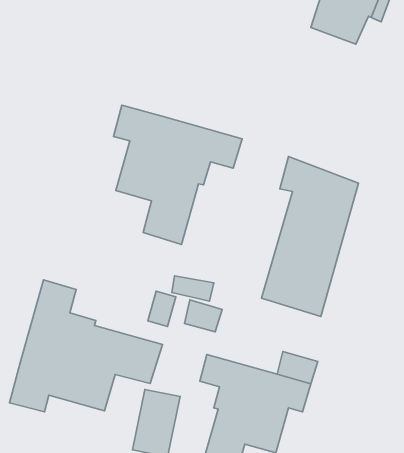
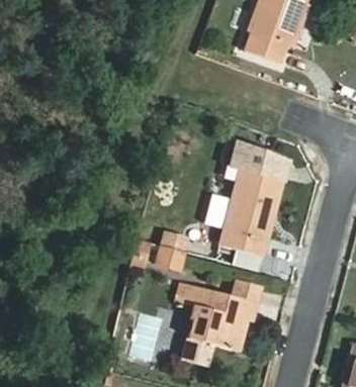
building: [113,105,242,244] -> none
building: [9,280,162,412] -> none

